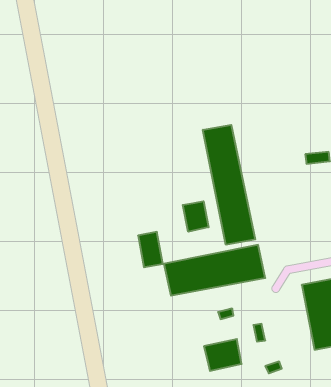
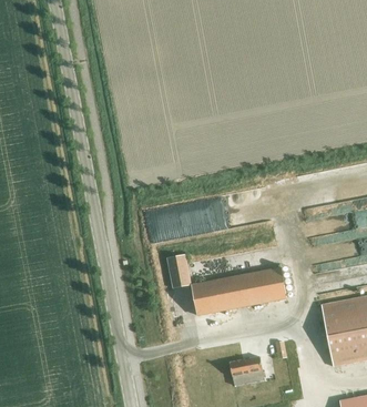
building: [203,125,255,245] -> none
building: [183,201,209,232] -> none

